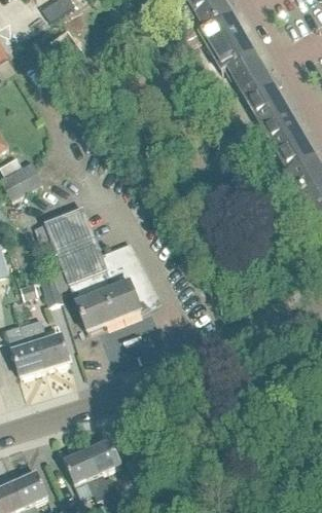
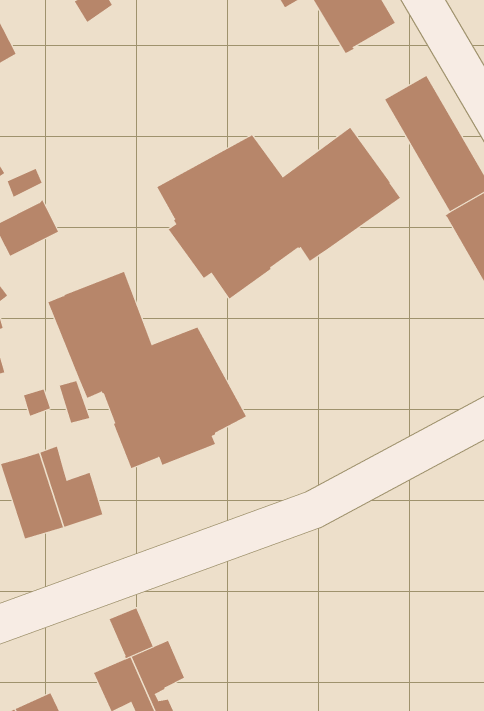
building: [226,50,273,99] -> none
building: none -> [156,127,401,300]
building: none -> [109,608,154,659]

